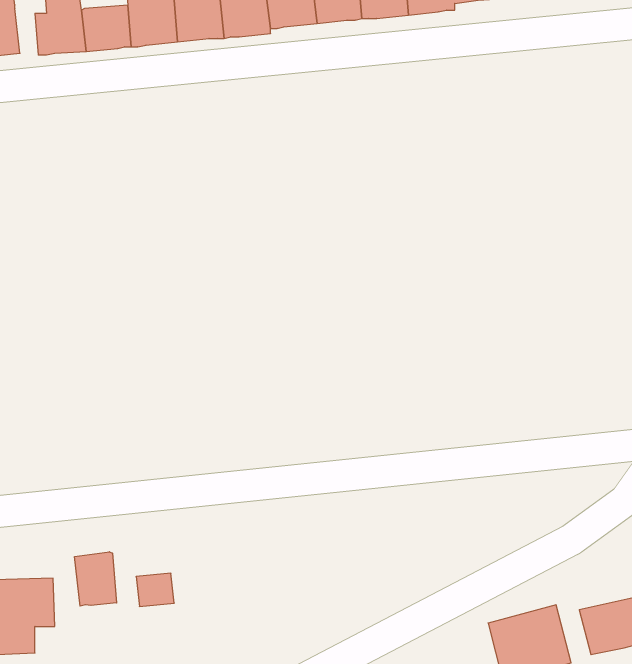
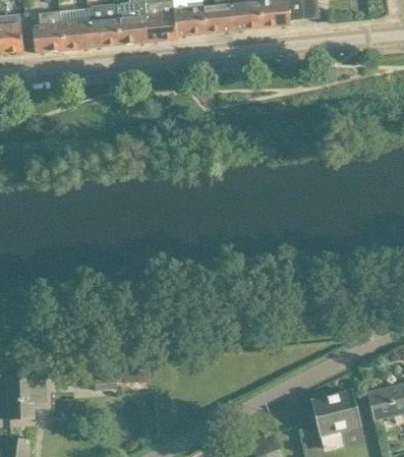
building: [75,552,117,606] -> none

